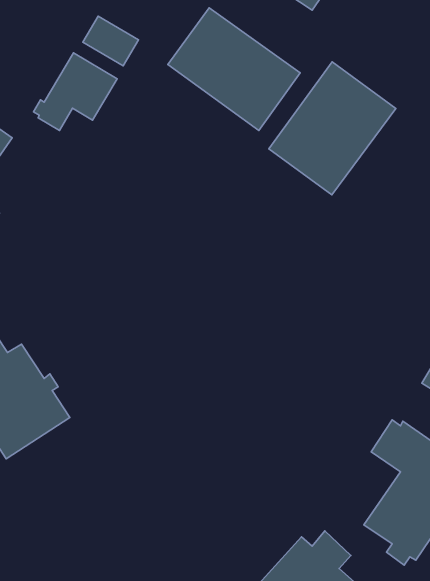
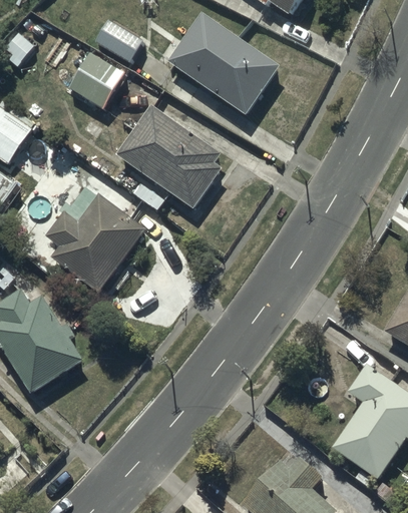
building: [269,62,396,195] -> none
building: none -> [114,105,221,208]
building: none -> [46,183,147,295]

